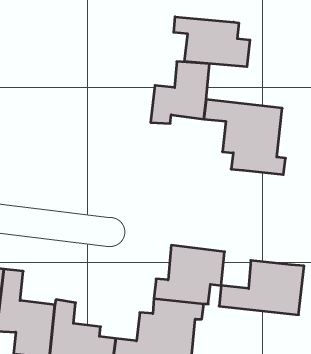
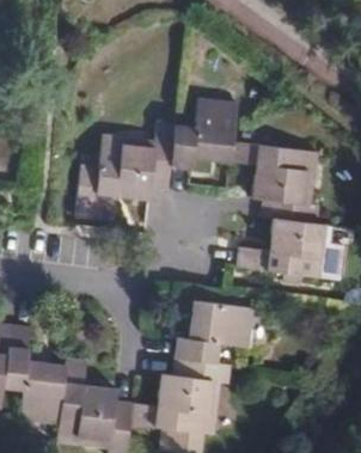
building: [174,17,250,67] -> none
building: none -> [78,123,176,220]
building: [219,260,304,315] -> [238,218,331,277]

